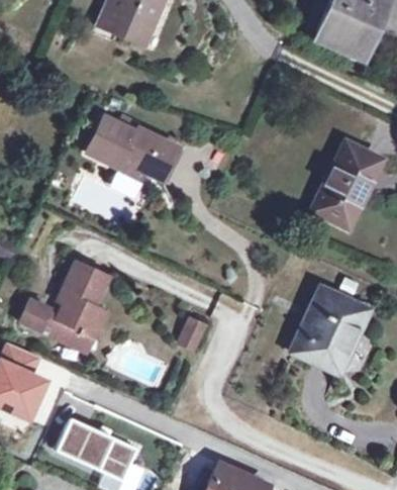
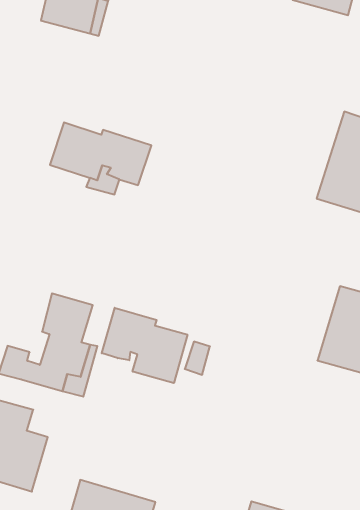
building: none -> [102,308,187,383]

